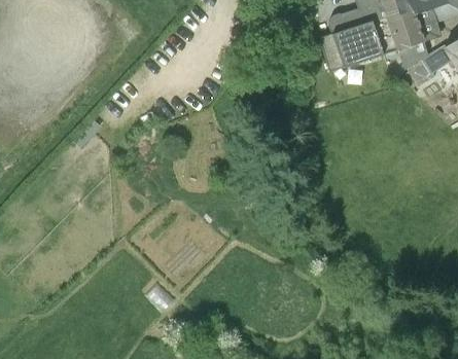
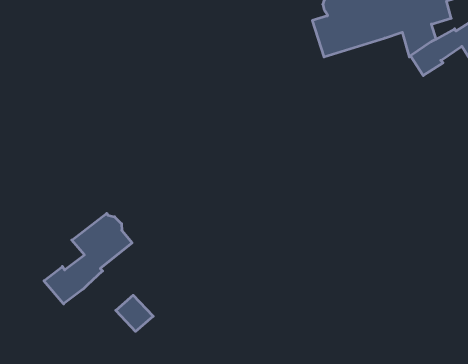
building: none -> [44,213,132,304]

